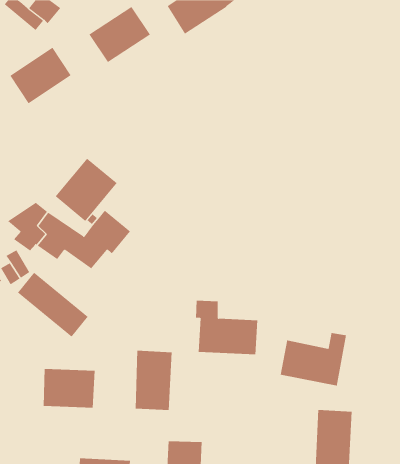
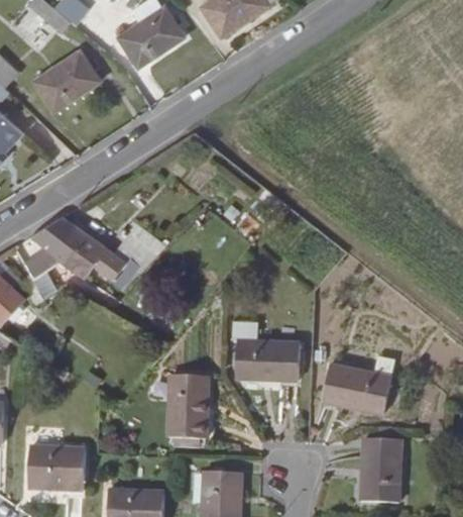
building: [55,158,118,222] -> none
building: [17,272,89,338] -> none
building: [43,368,96,408] -> [28,448,85,491]

